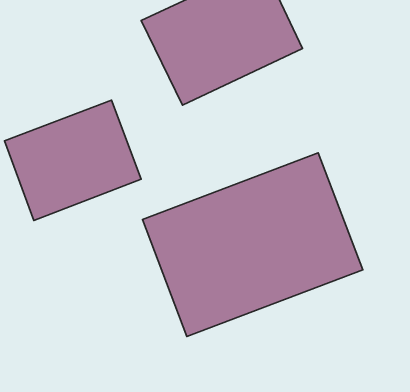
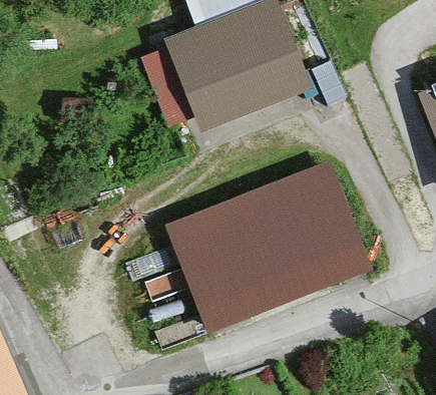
building: [5,100,141,220] -> none

